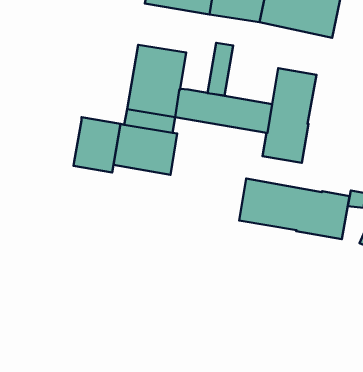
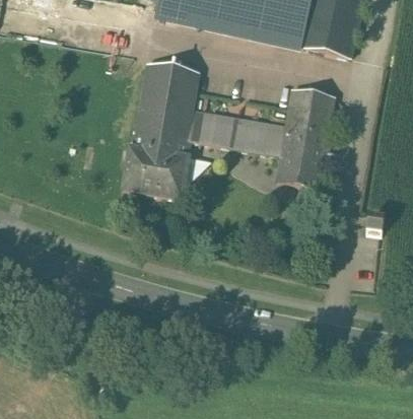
building: [208,43,233,96] -> none
building: [73,117,120,173] -> none
building: [239,178,350,239] -> none

